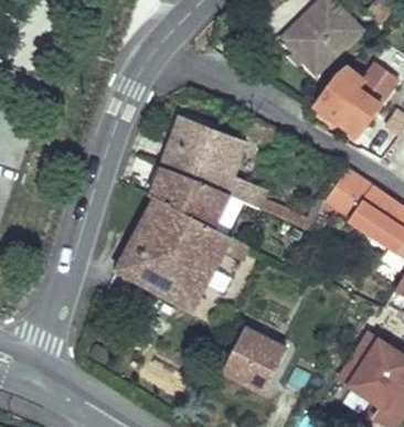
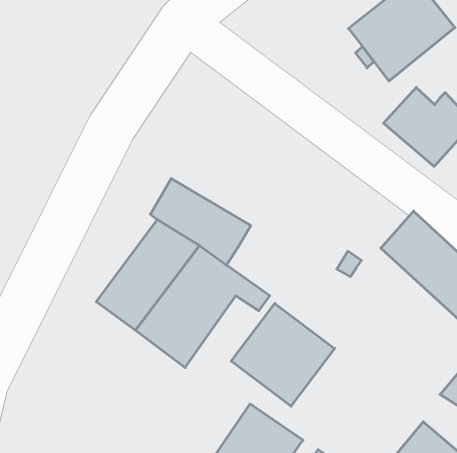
building: [162,117,265,209] -> none
building: none -> [231,303,335,406]

